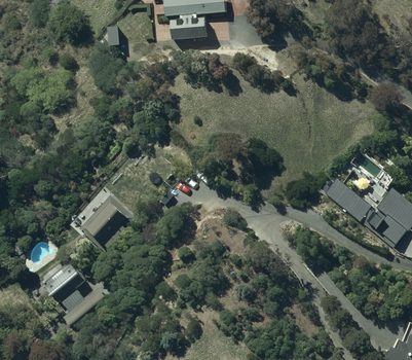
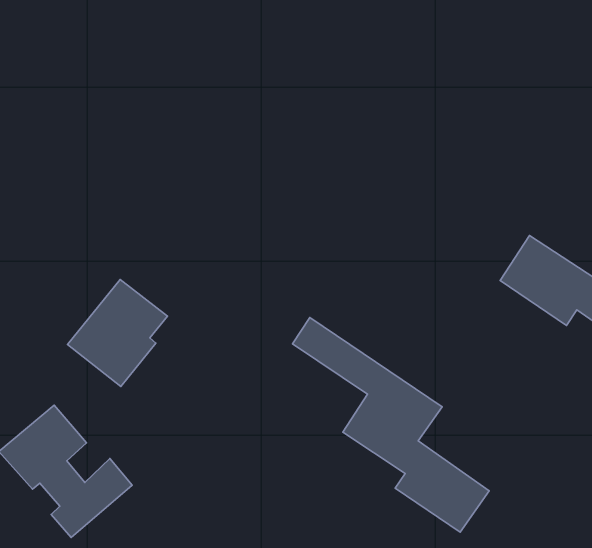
building: none -> [292,318,489,532]

